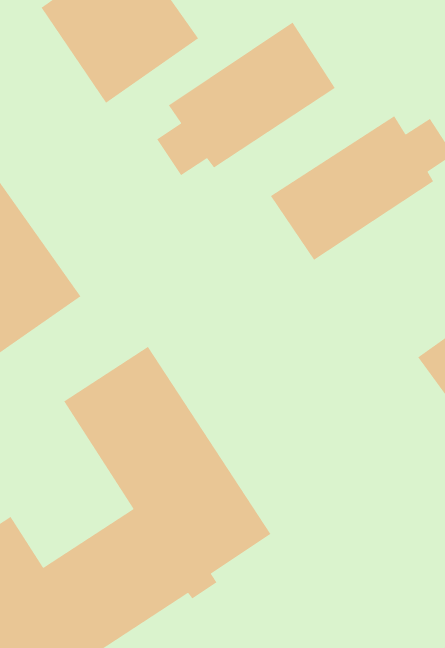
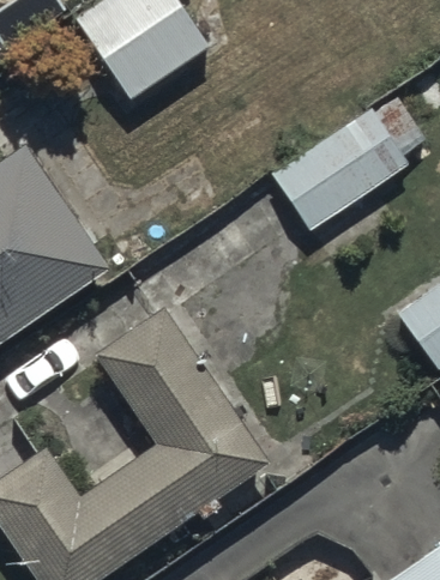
building: [156,21,336,176] -> none

